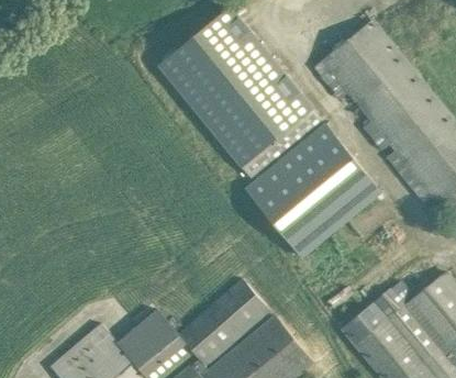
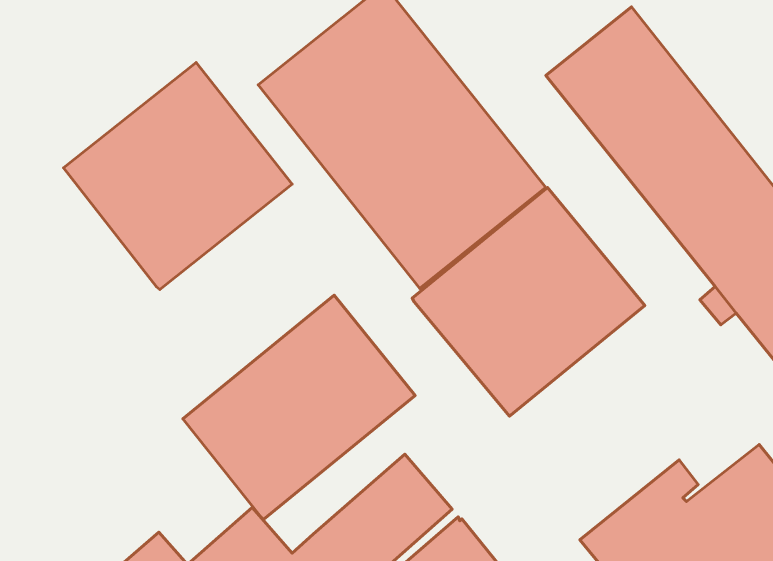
building: none -> [64,63,292,289]
building: none -> [183,295,415,519]

